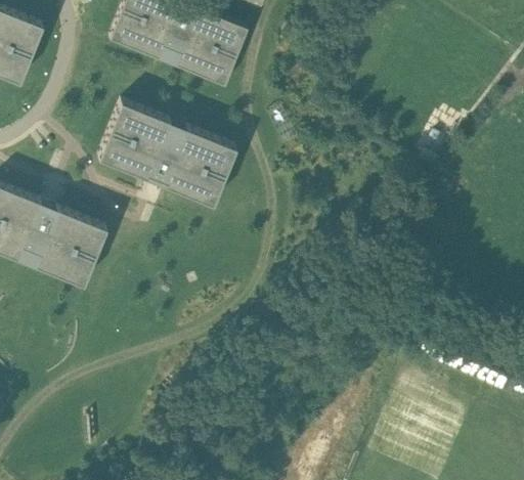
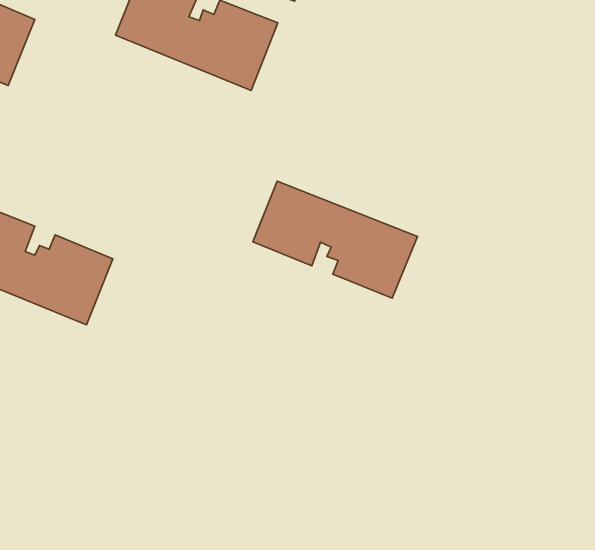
building: [98,99,236,203] -> none
building: none -> [253,181,417,298]

